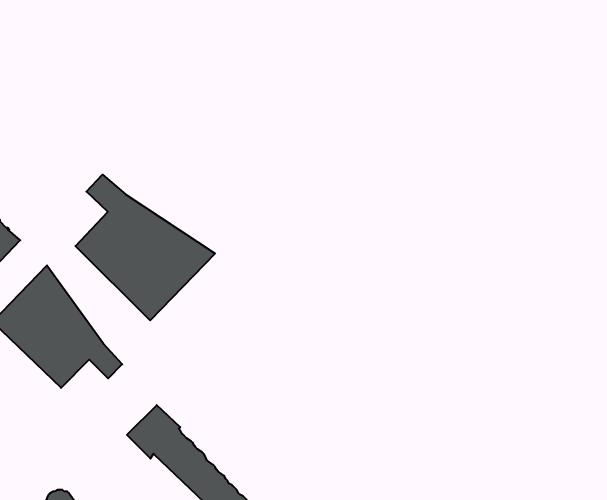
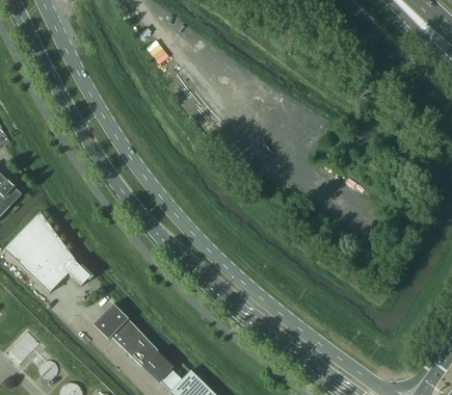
building: [75,175,215,320] -> none

